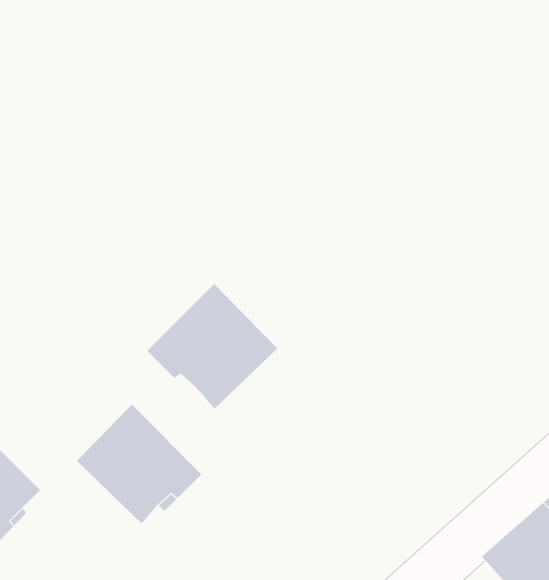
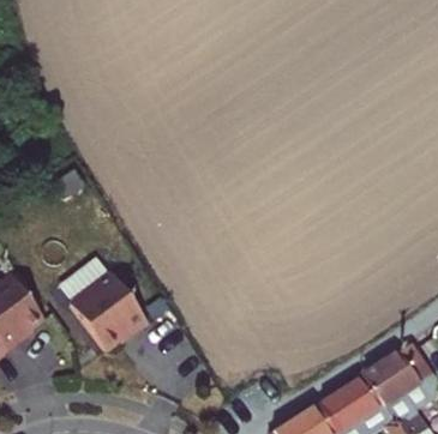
building: [146,283,278,410] -> none

